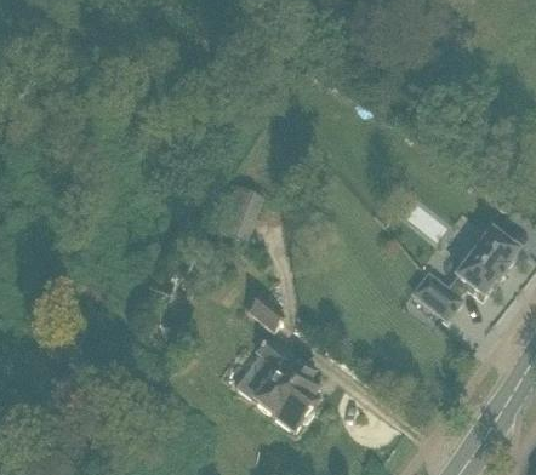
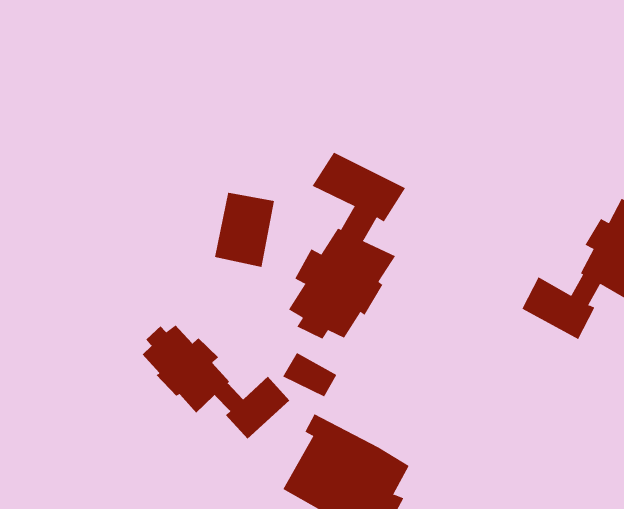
building: none -> [288,152,406,340]
building: none -> [142,324,290,440]

